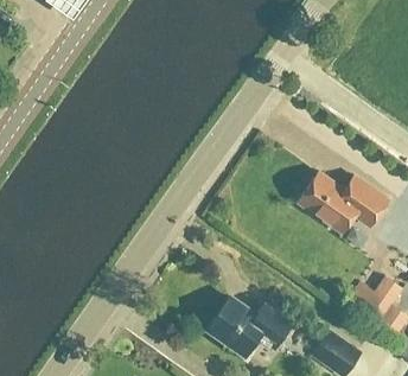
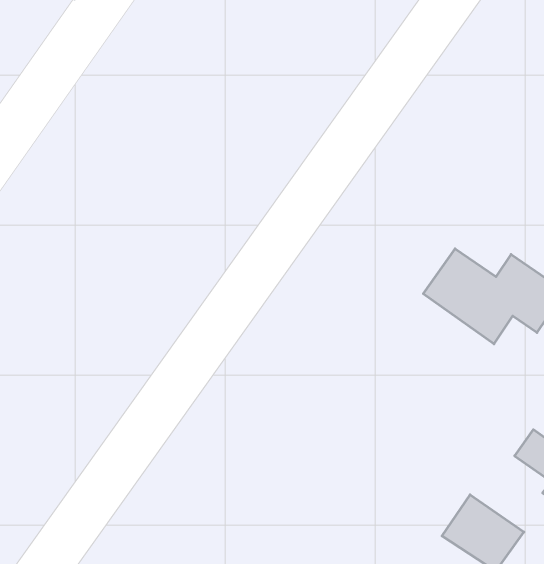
building: [209,297,292,353] -> none

